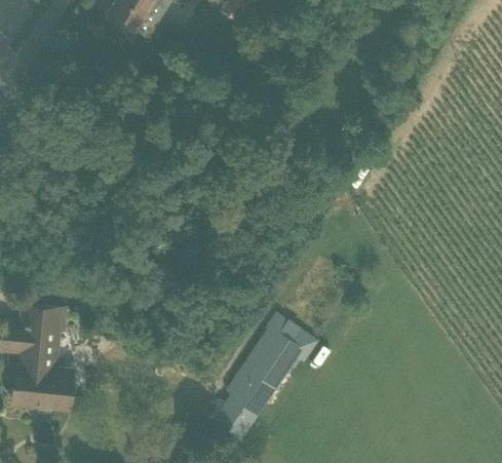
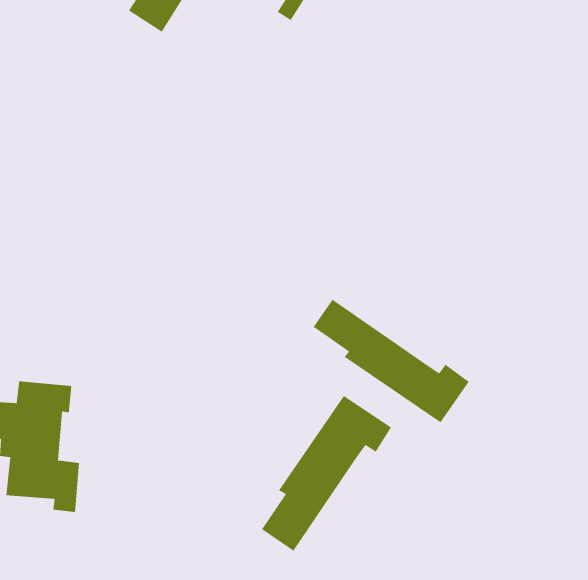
building: none -> [313,299,470,423]

